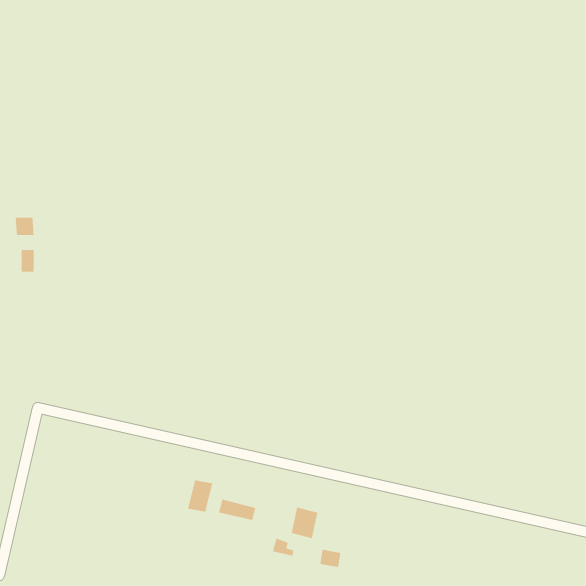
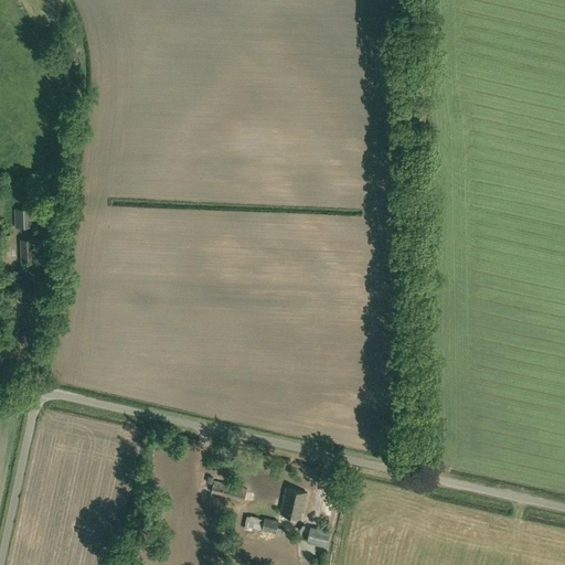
building: [188,479,213,512] -> none

